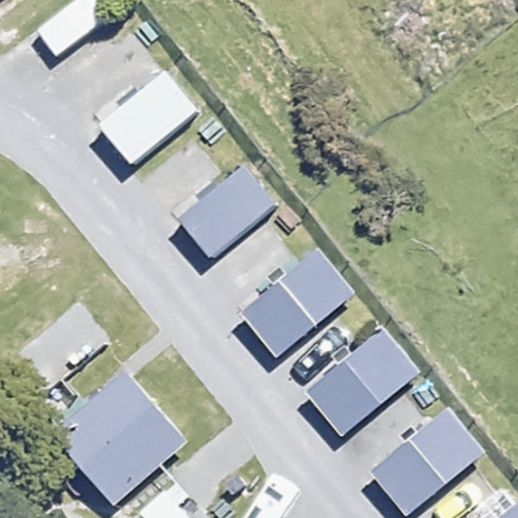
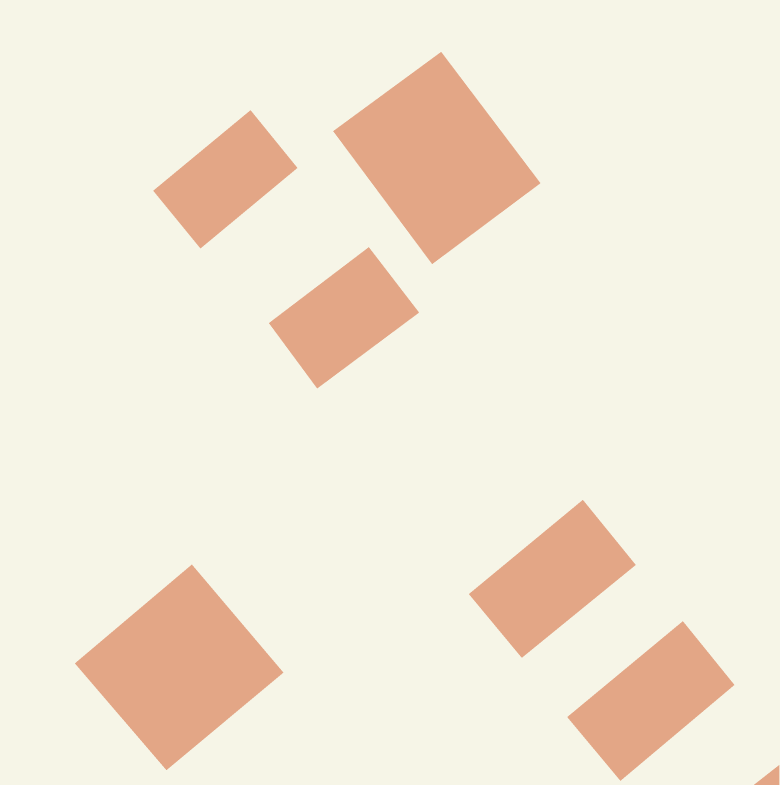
building: none -> [332,51,542,265]
building: [241,251,352,356] -> none

